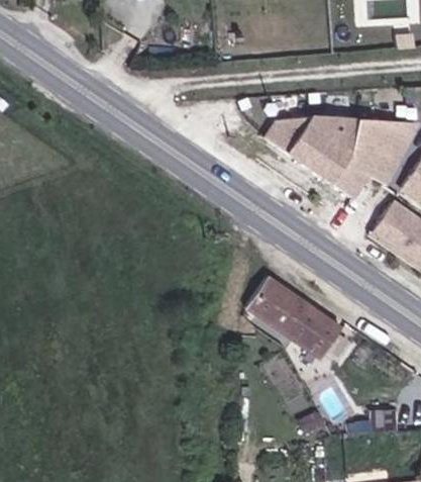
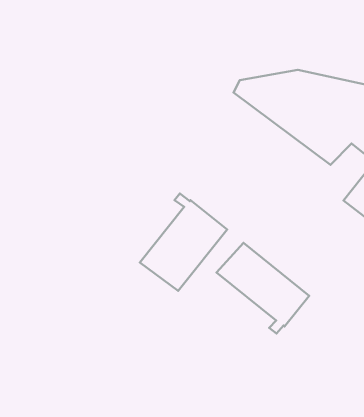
building: none -> [140,193,227,291]

